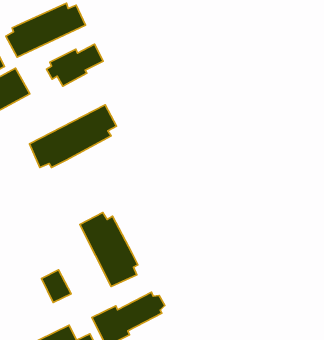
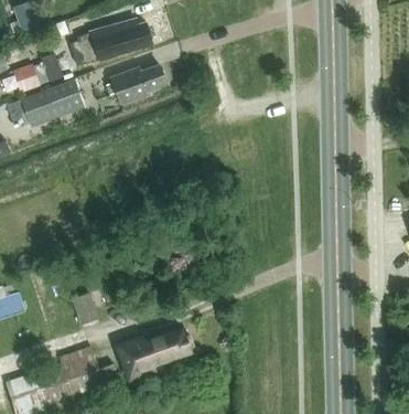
building: [29,105,116,168] -> none
building: [80,213,138,286] -> none

